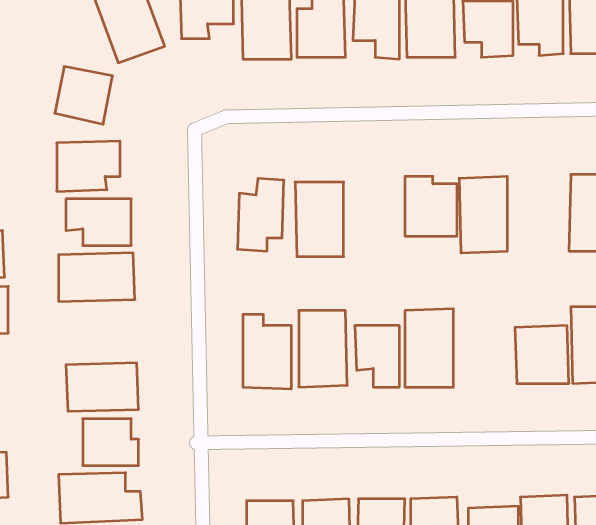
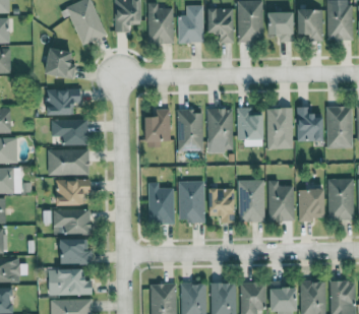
building: none -> [296,106,325,141]
building: none -> [206,108,233,151]
building: none -> [56,179,91,205]
building: none -> [267,180,294,221]

